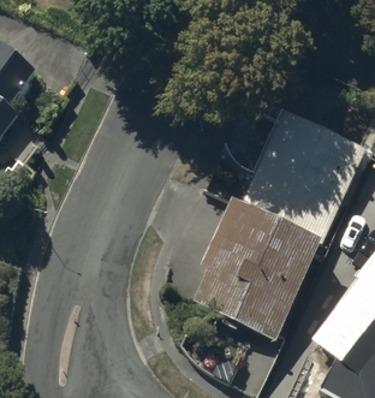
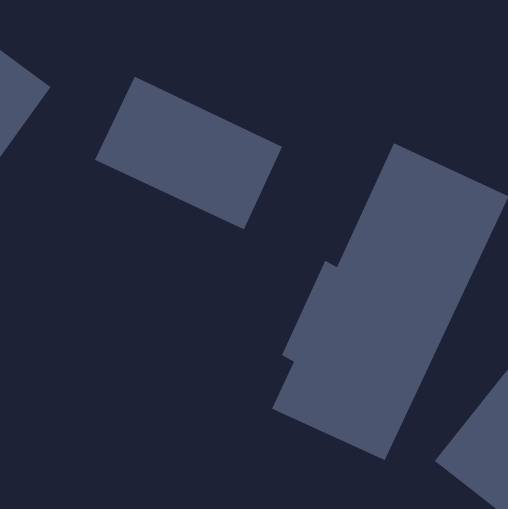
building: none -> [94,76,283,230]

